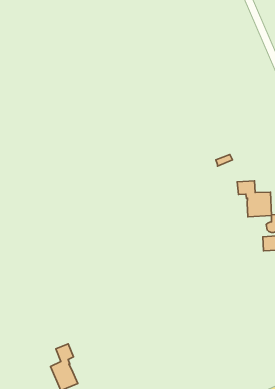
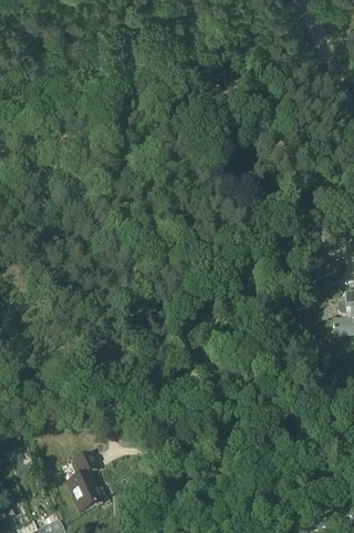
building: [237,181,271,217] -> none

